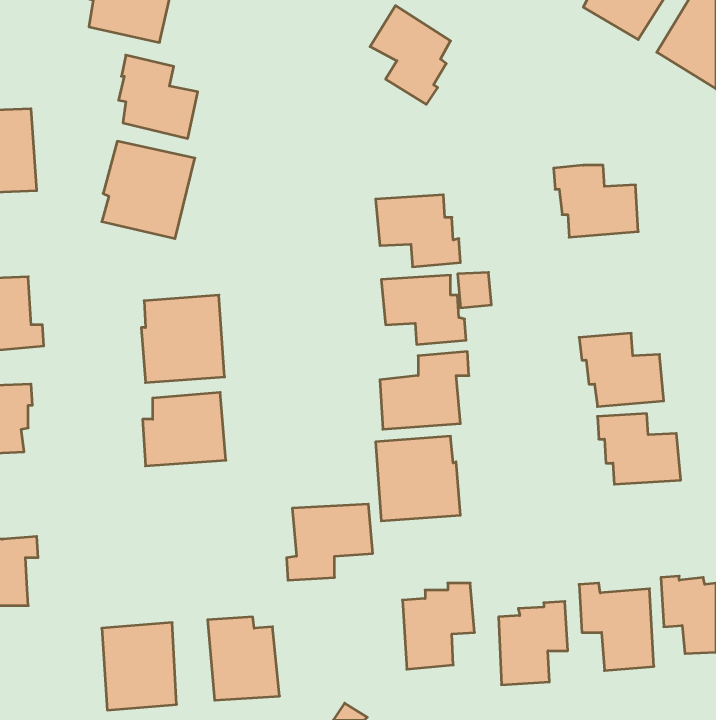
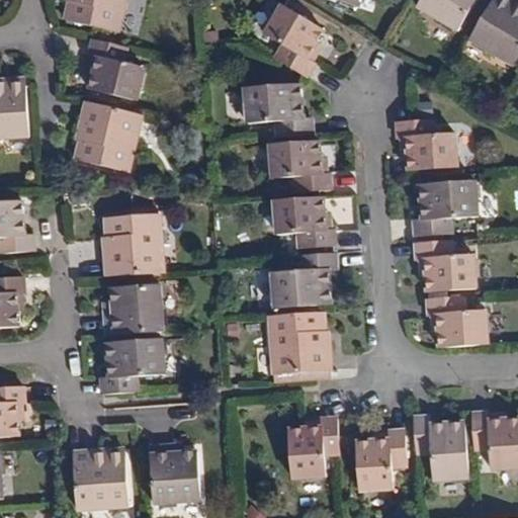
building: none -> [244,84,312,136]
building: none -> [414,180,478,235]
building: [287,504,373,580] -> [101,338,163,393]

